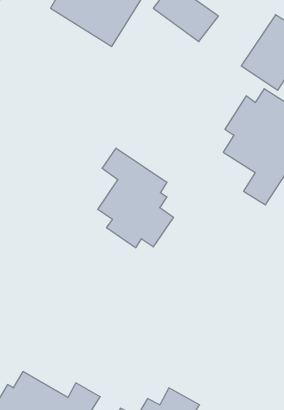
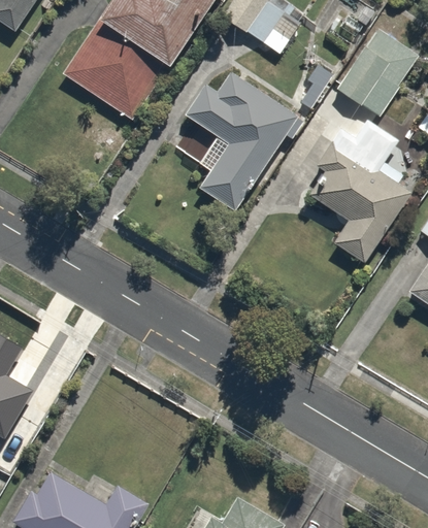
building: none -> [58,26,164,123]
building: none -> [187,60,299,209]
building: [98,148,173,248] -> none

